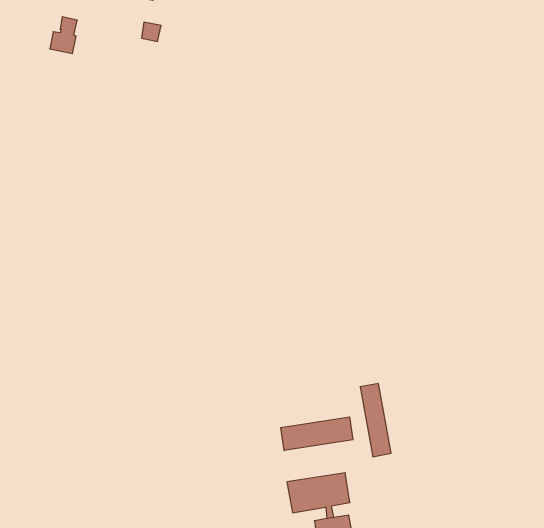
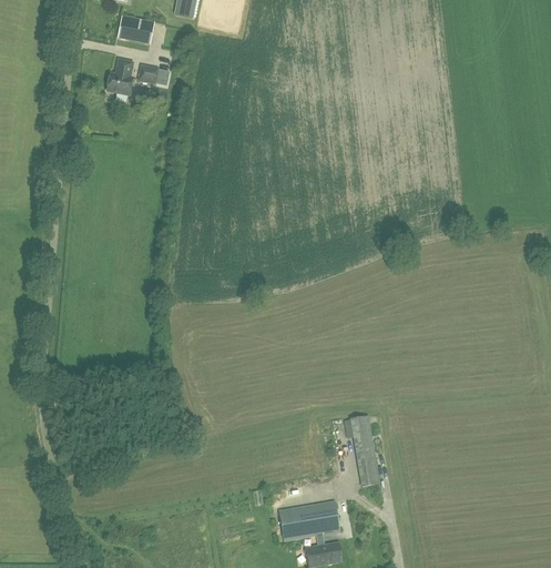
building: [50,17,77,53] -> [105,58,132,93]
building: [281,417,353,451] -> none

